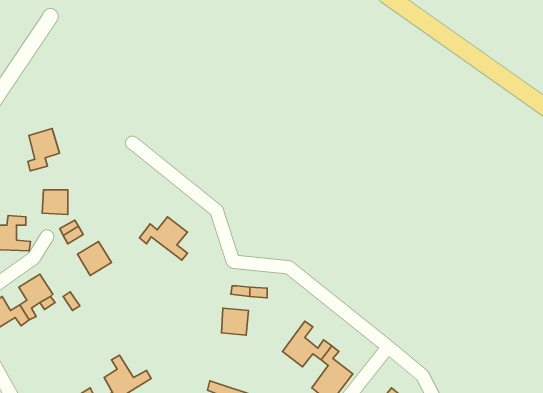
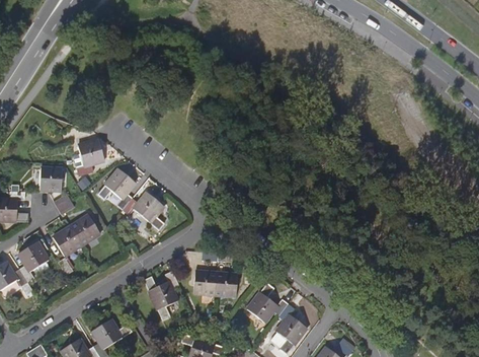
building: [28,129,59,171] -> [78,138,105,174]
building: none -> [98,168,136,210]
building: none -> [52,224,81,254]
building: none -> [146,272,180,322]
building: none -> [216,273,239,296]

